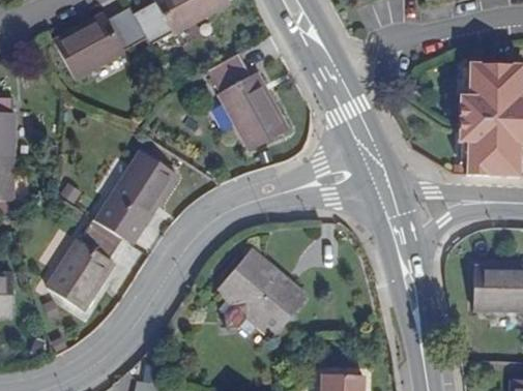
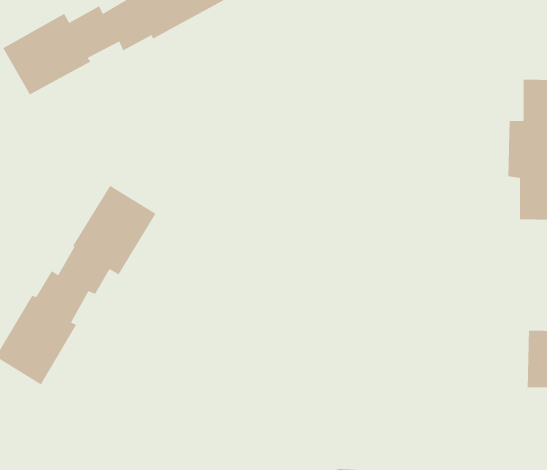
building: [208,51,289,149] -> none
building: [217,251,306,336] -> none

